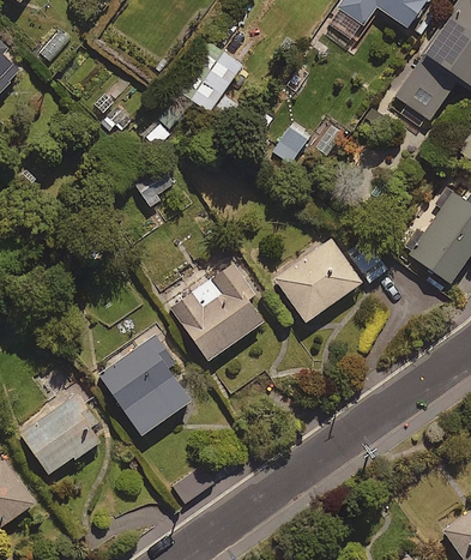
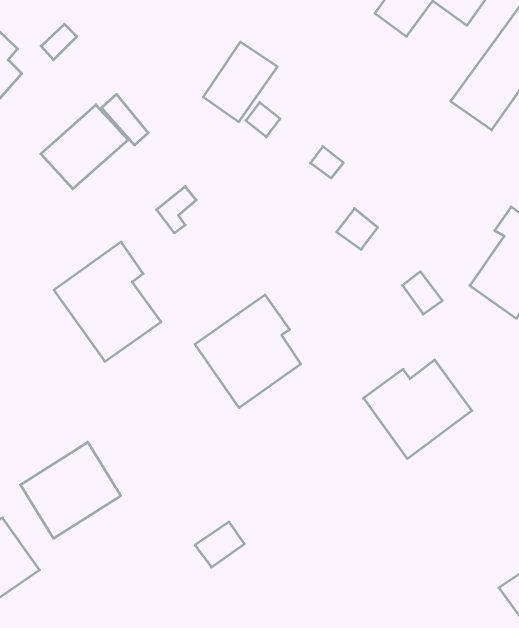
building: none -> [41,105,128,189]
building: [268,237,363,324] -> [363,360,472,459]
building: [98,332,192,436] -> [54,242,161,362]

